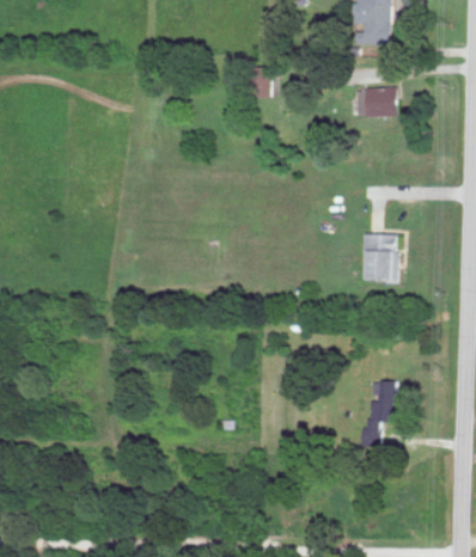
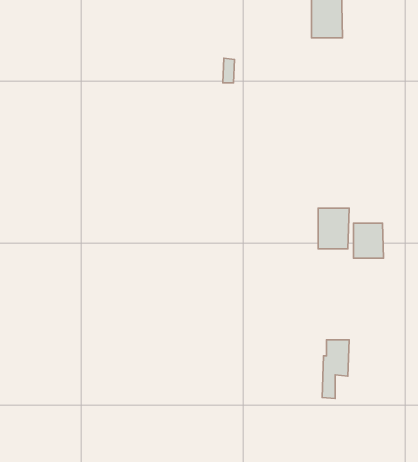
building: [355,87,397,116] -> none
building: none -> [354,223,384,258]

